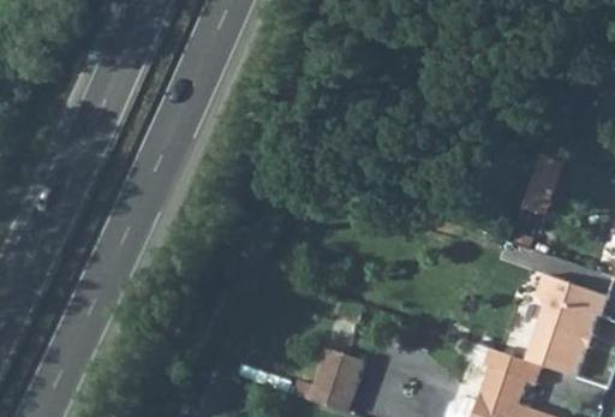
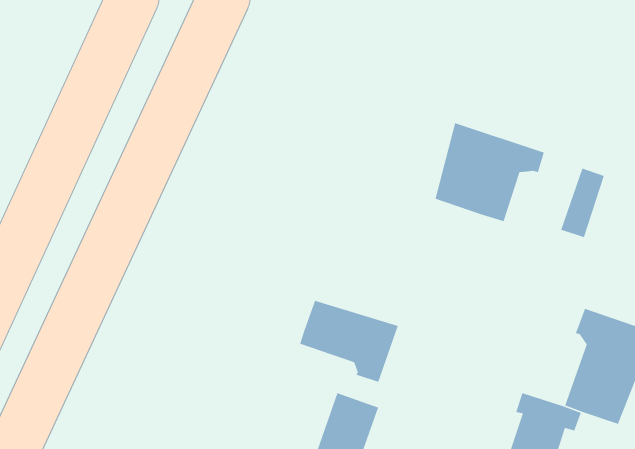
building: none -> [435,122,545,222]
building: none -> [299,300,399,383]

